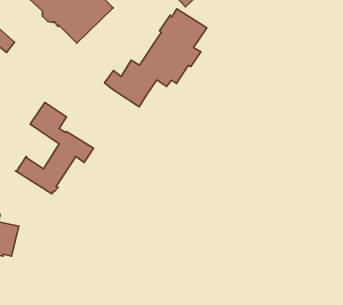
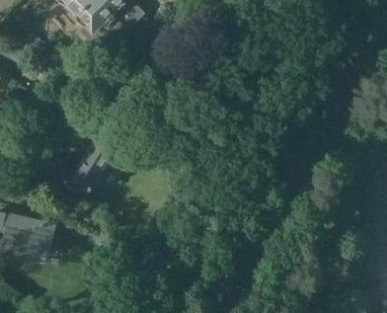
building: [104,9,207,107] -> none

